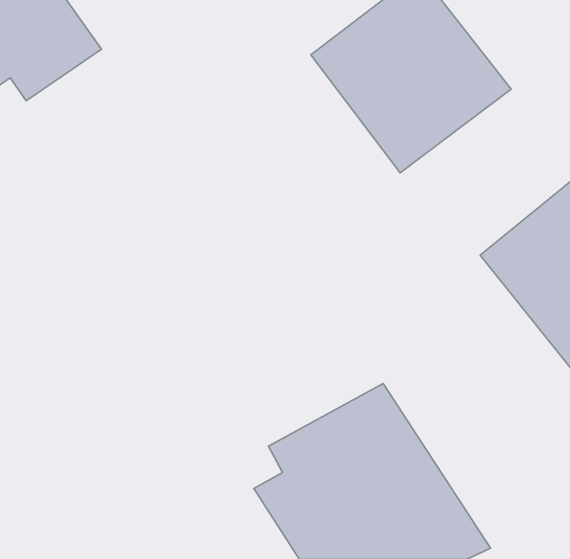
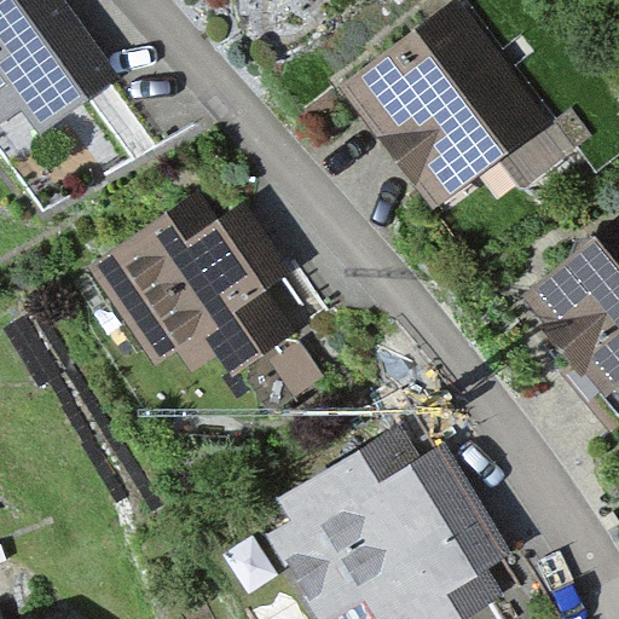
building: none -> [121,198,314,376]

